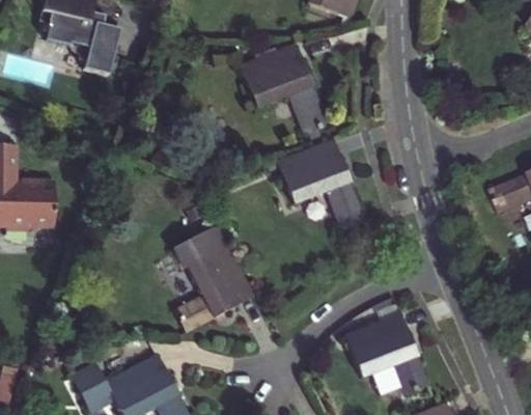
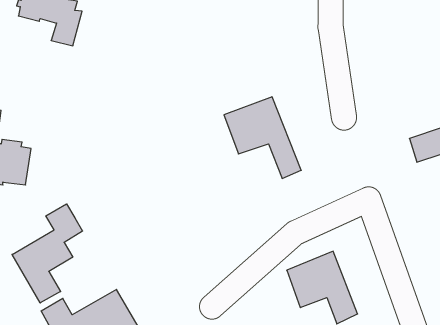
building: [242,42,328,132] -> none
building: [174,222,258,332] -> none
building: none -> [12,204,83,303]

